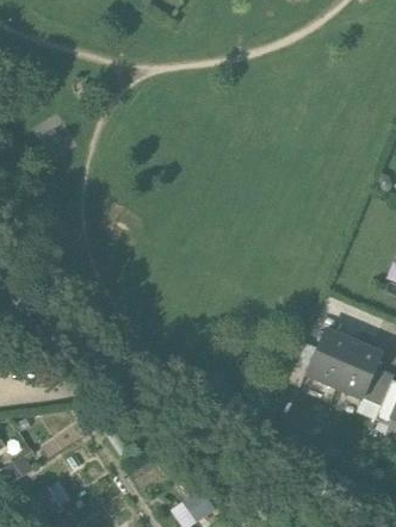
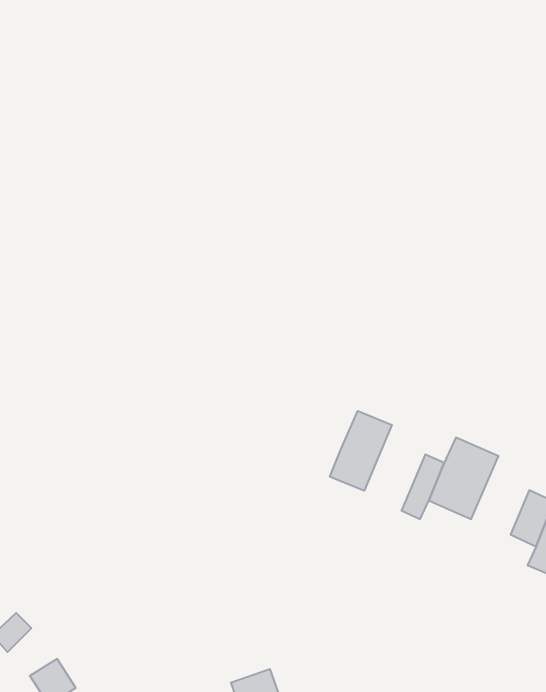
building: none -> [330,411,392,491]
building: [336,343,382,398] -> none

